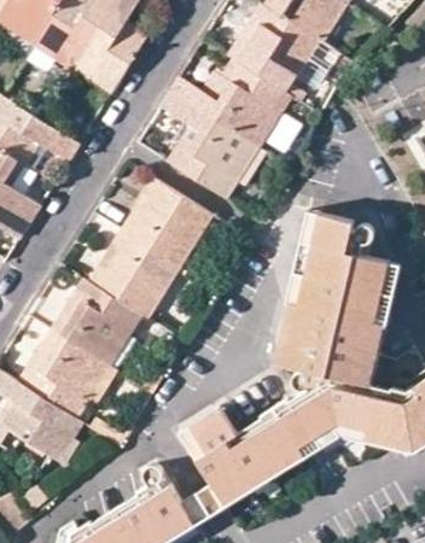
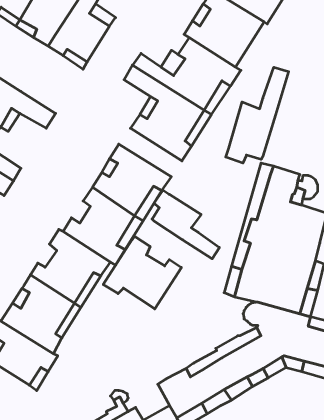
building: none -> [226,67,289,163]
building: none -> [152,190,219,259]
building: none -> [103,237,181,309]
building: [185,405,239,455] -> none

